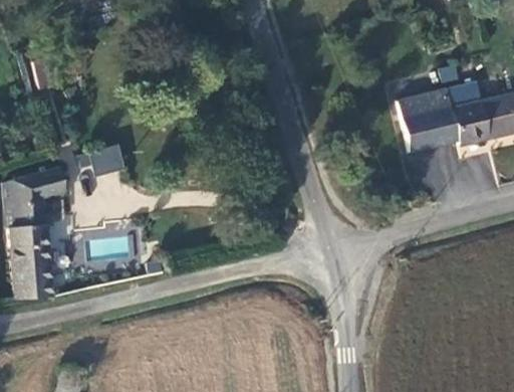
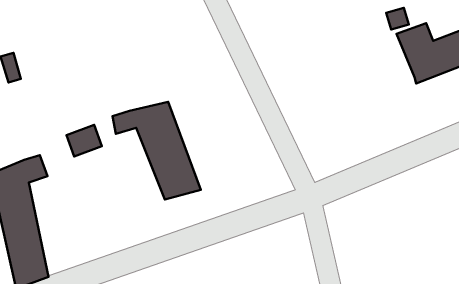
building: [395,89,457,150] -> none
building: none -> [112,102,201,199]

